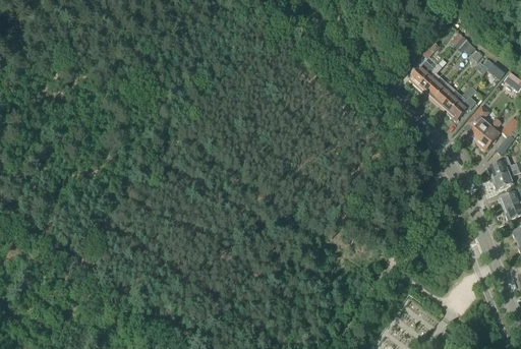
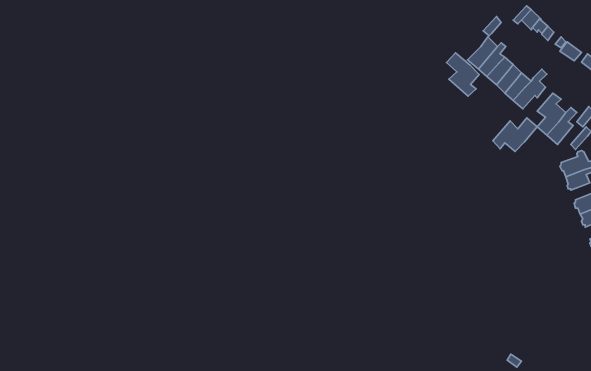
building: none -> [447,53,479,96]
building: none -> [493,118,537,151]

